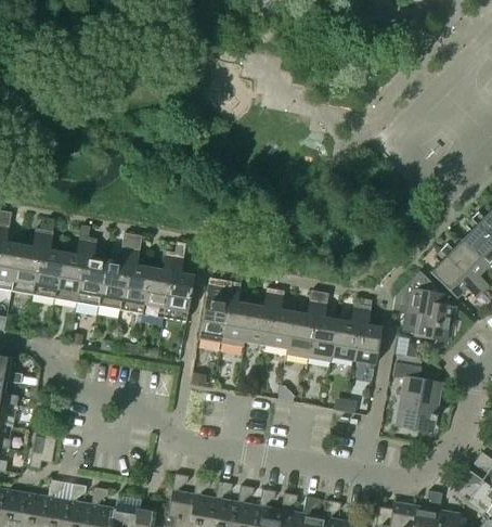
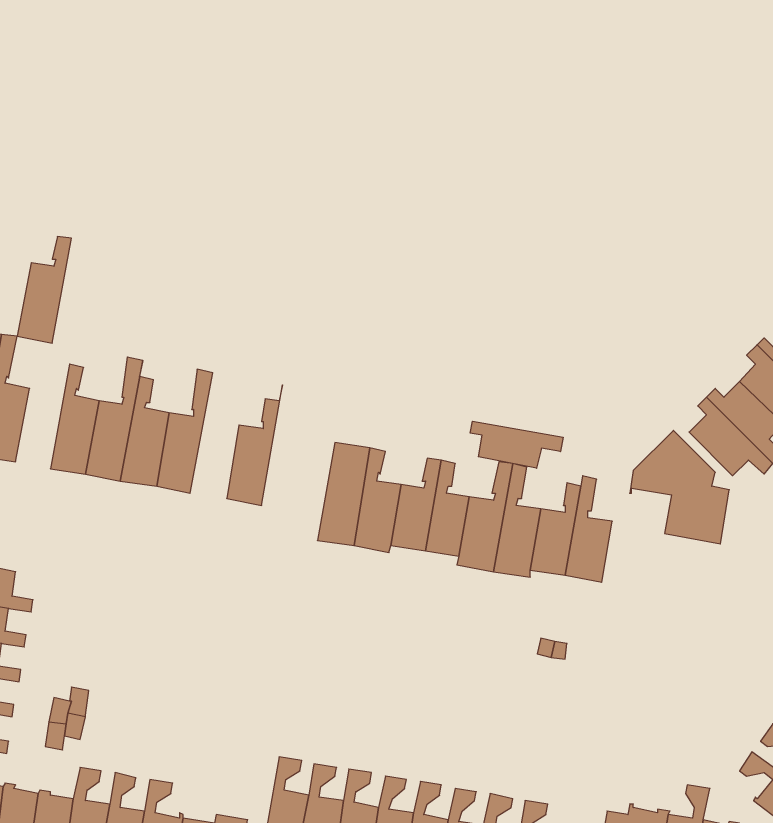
building: [11,228,44,294] -> [17,237,71,343]
building: [119,234,150,312] -> none
building: [164,242,194,321] -> none
building: none -> [470,421,563,468]
building: [392,361,439,430] -> none

